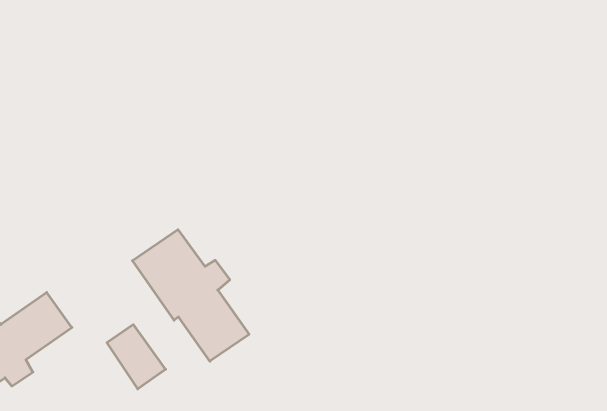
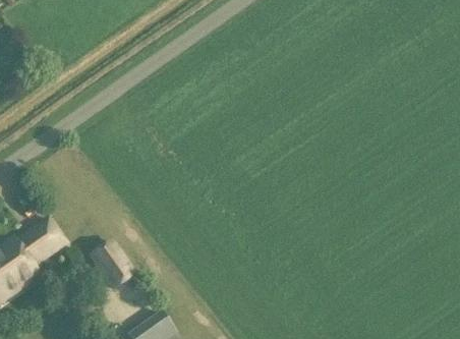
building: [132,230,249,361] -> none

